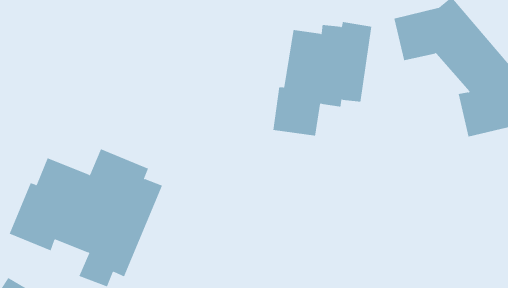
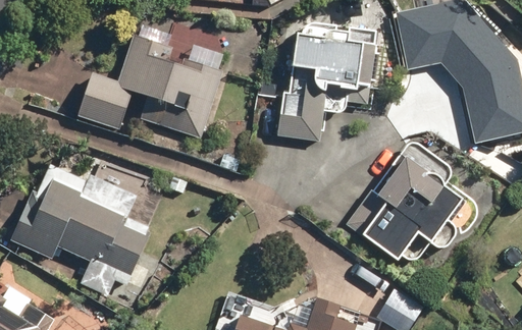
building: none -> [75,22,223,140]
building: none -> [345,136,465,264]

